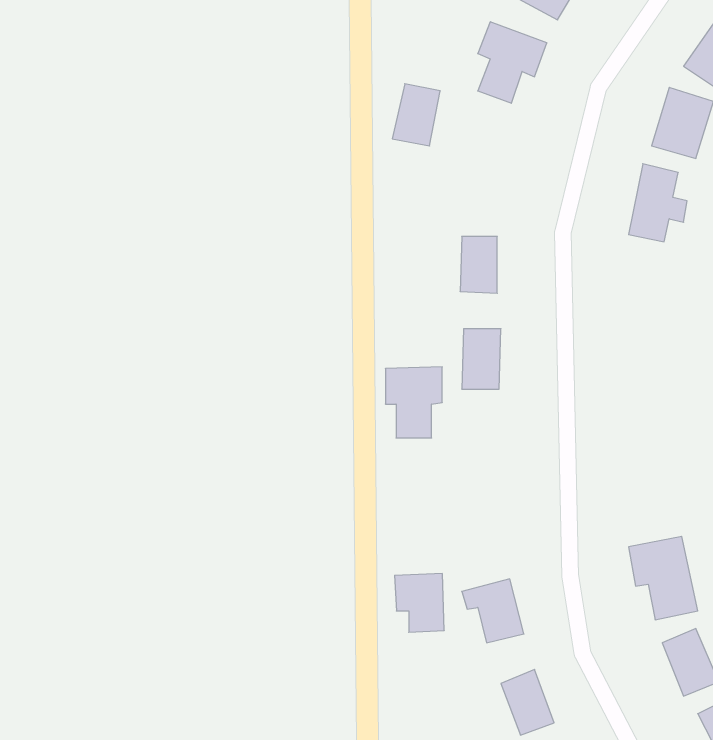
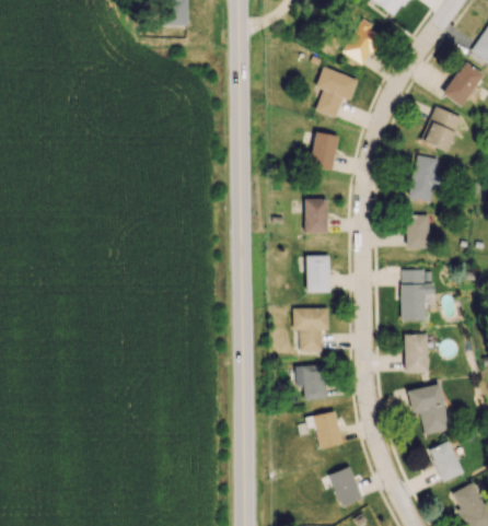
building: [392,84,440,146] -> [309,132,338,171]
building: none -> [406,214,430,249]
building: none -> [400,269,435,322]
building: [385,367,442,438] -> [293,307,328,351]
building: none -> [405,335,428,373]
building: [395,574,444,632] -> [295,364,326,400]

